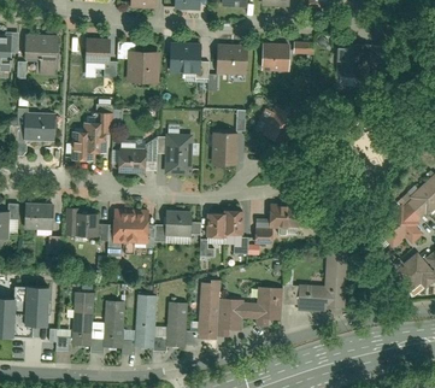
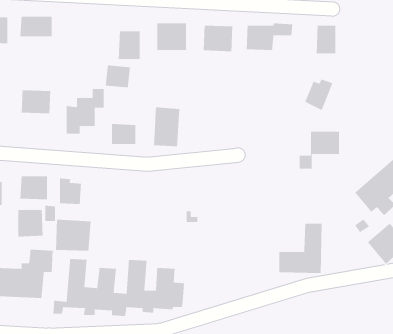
building: [84,39,112,64] -> [105,64,131,88]
building: [257,105,288,140] -> [304,78,334,111]
building: [211,130,240,164] -> none
building: [257,202,300,243] -> [299,131,340,169]
building: [112,207,151,242] -> [55,219,91,252]
building: [206,208,243,236] -> none
building: [165,211,193,234] -> none
building: none -> [18,209,44,237]
building: [198,277,283,340] -> none

